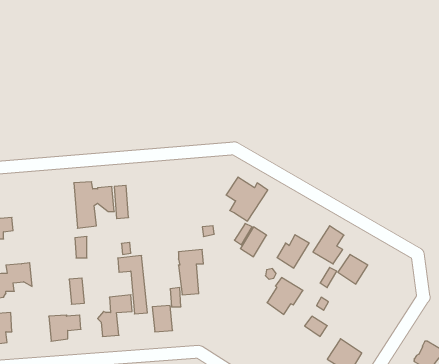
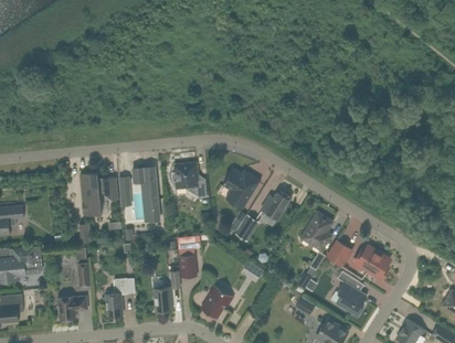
building: none -> [172,162,207,196]
building: [277,235,309,268] -> [262,189,292,219]
building: [118,256,147,314] -> [133,167,160,221]
building: none -> [355,246,389,277]
building: [267,278,303,314] -> [201,285,234,319]
building: none -> [336,270,367,315]

